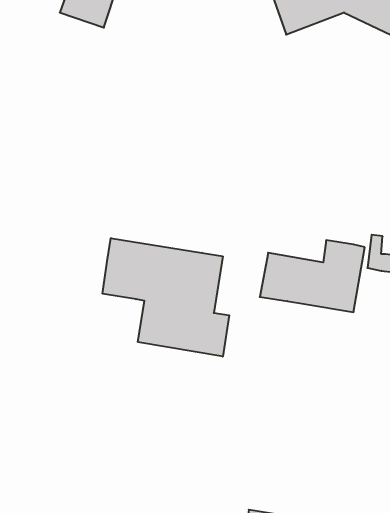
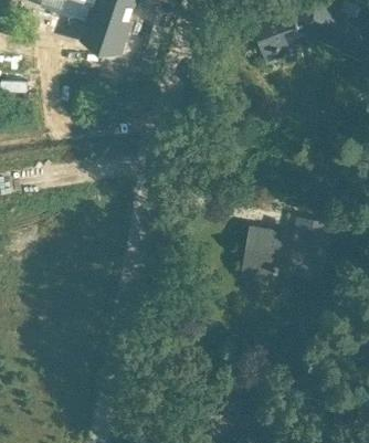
building: [103,238,229,357] -> none

